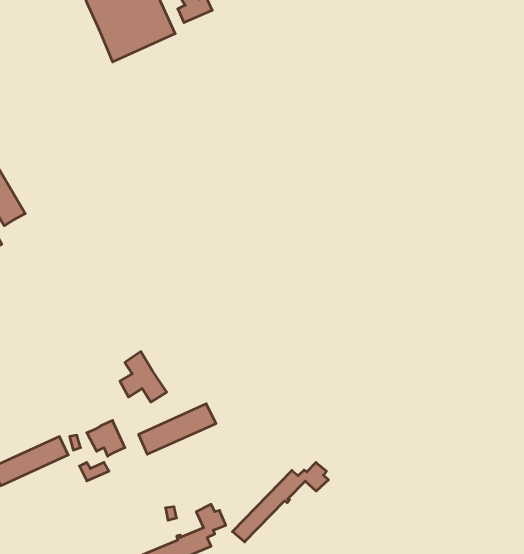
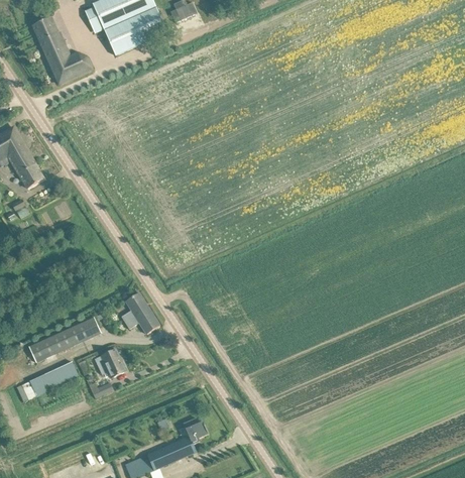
building: none -> [32,16,93,83]
building: [139,404,216,454] -> [28,322,92,363]
building: [232,462,328,542] -> none

